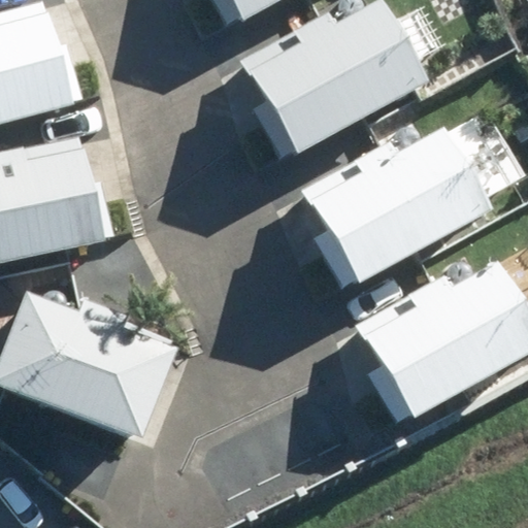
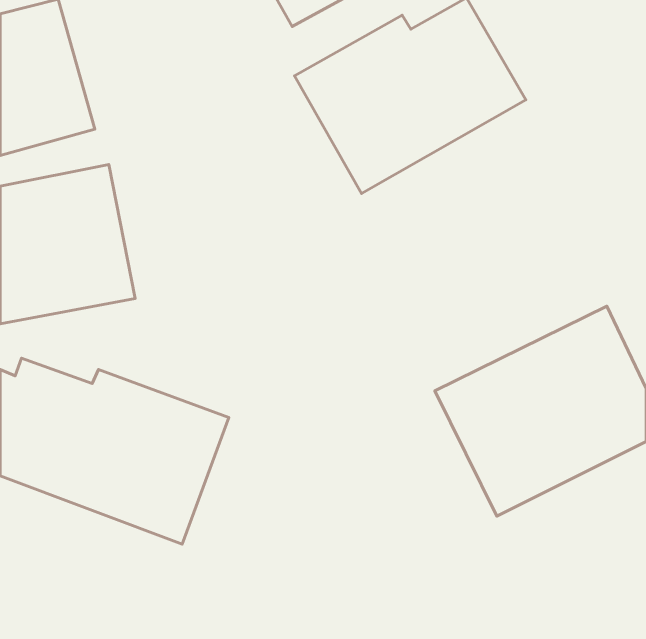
building: [298,125,488,284] -> none

